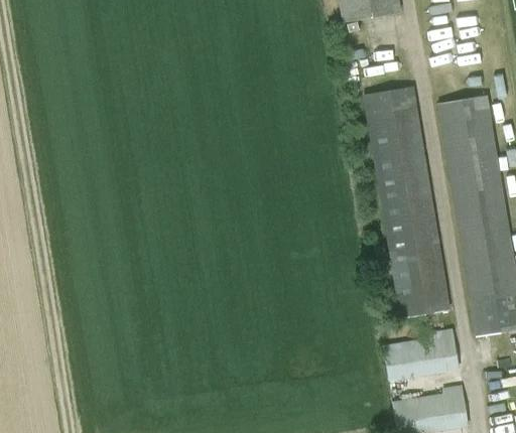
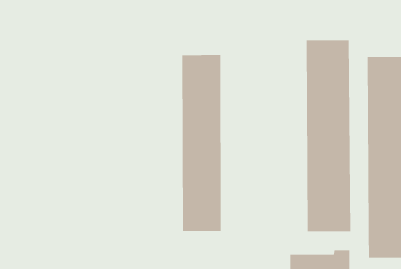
building: none -> [181,54,221,232]

